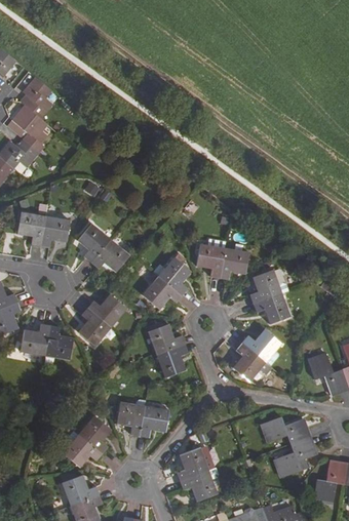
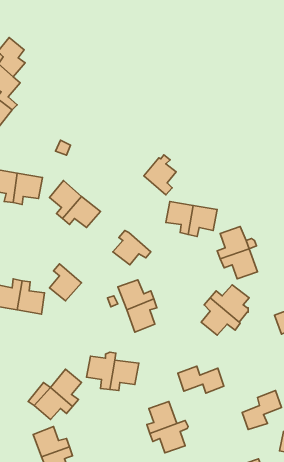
building: [158,254,191,295] -> [144,155,176,195]
building: [87,294,125,327] -> none
building: [261,416,308,444] -> [178,366,224,393]

